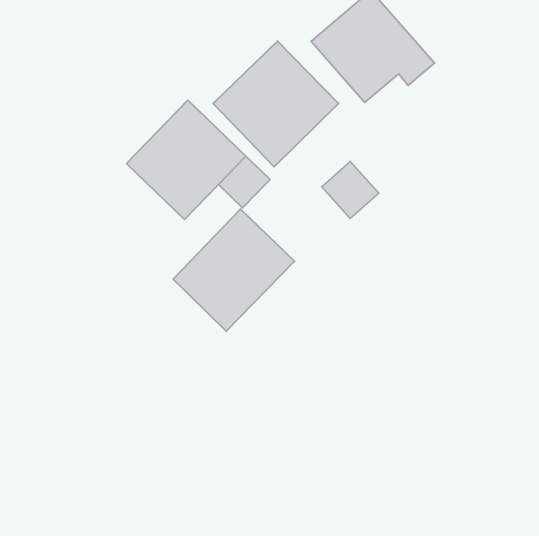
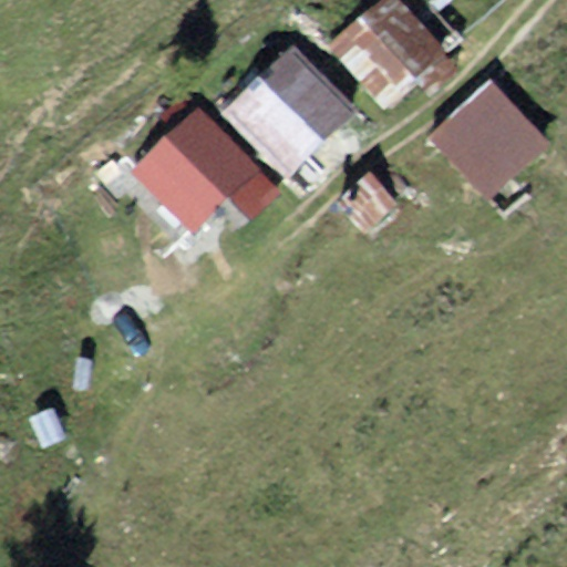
building: none -> [427,79,550,202]
building: [173,209,295,331] -> none

